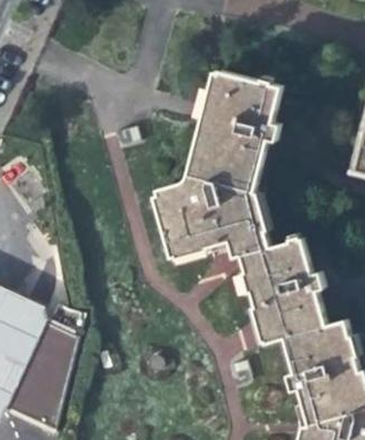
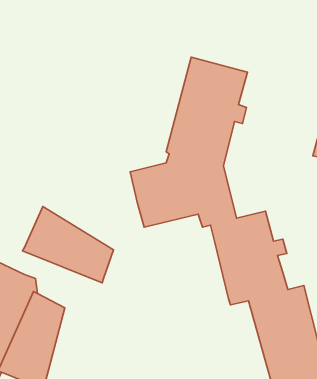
building: none -> [22,206,113,283]

